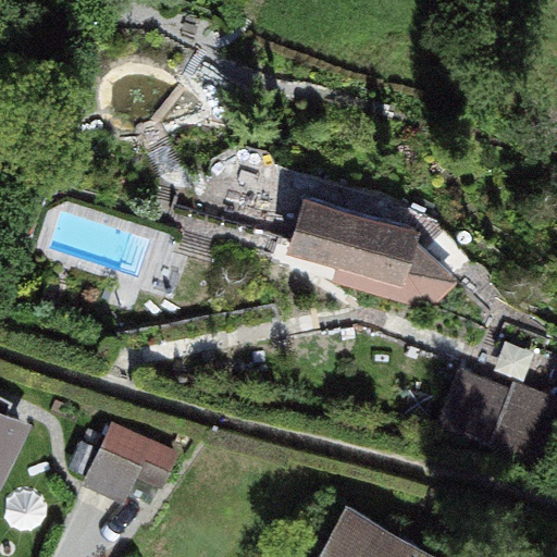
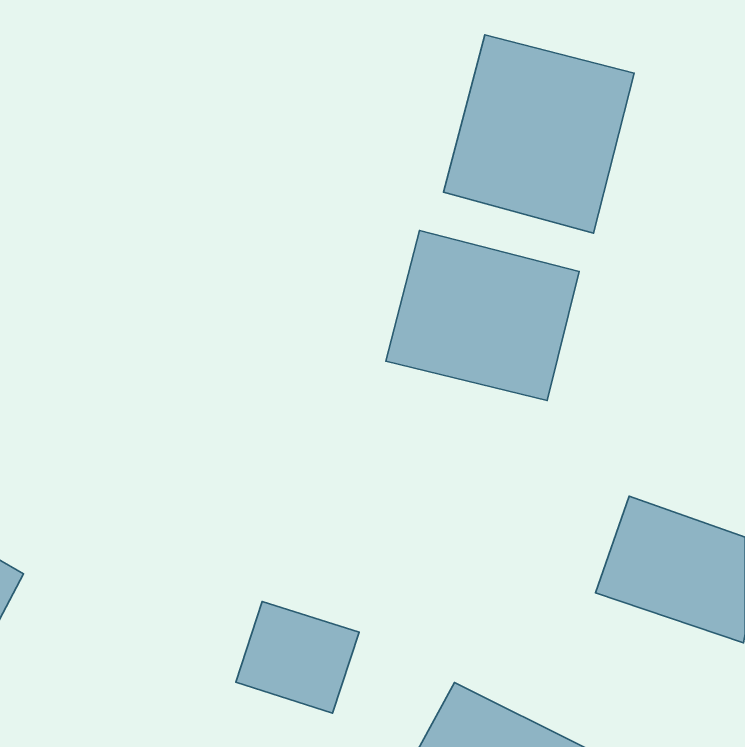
building: none -> [444,35,634,233]
building: [89,424,181,507] -> [236,601,359,713]

